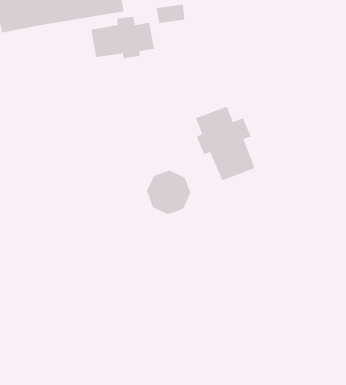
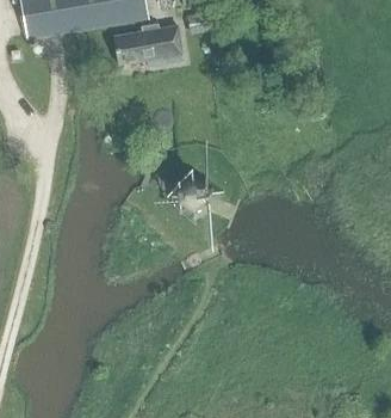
building: [195,106,255,181] -> none

